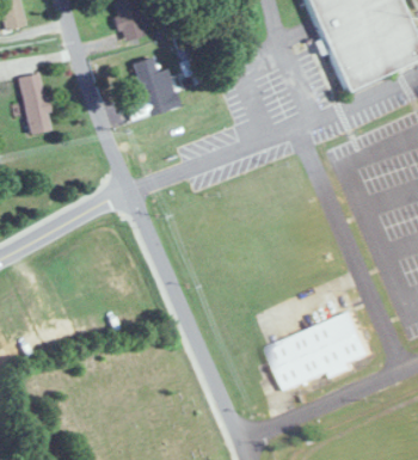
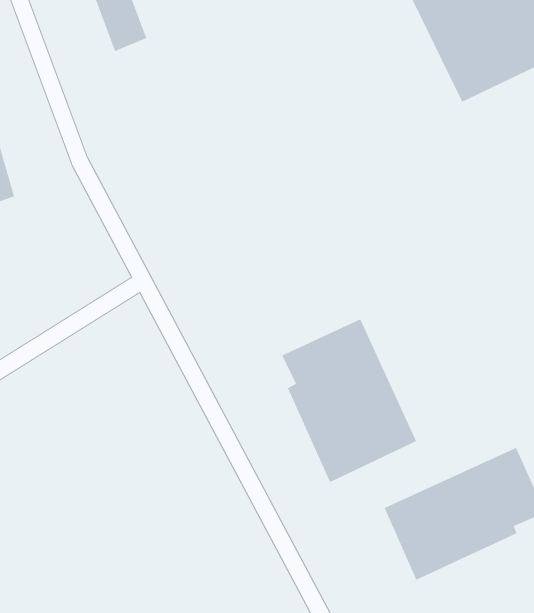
building: [133,56,180,115] -> none
building: none -> [282,318,417,483]

